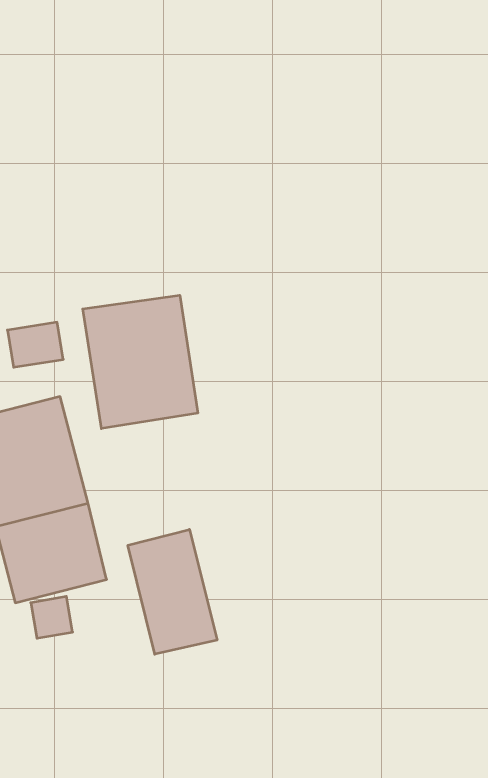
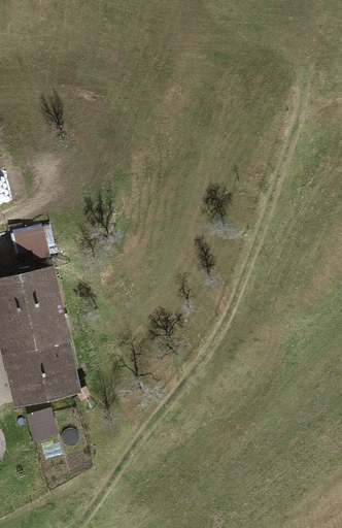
building: [83,295,198,429] -> none
building: [128,529,217,654] -> none

